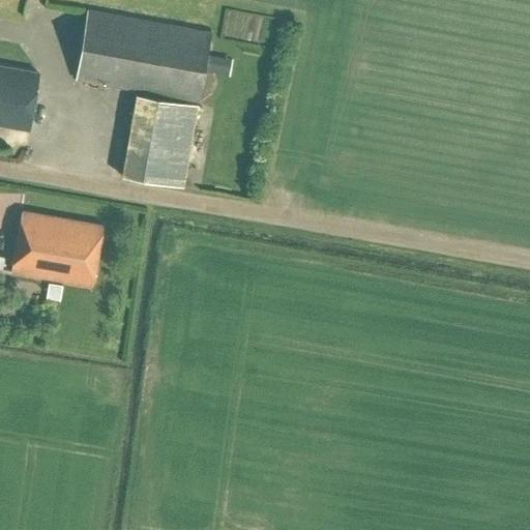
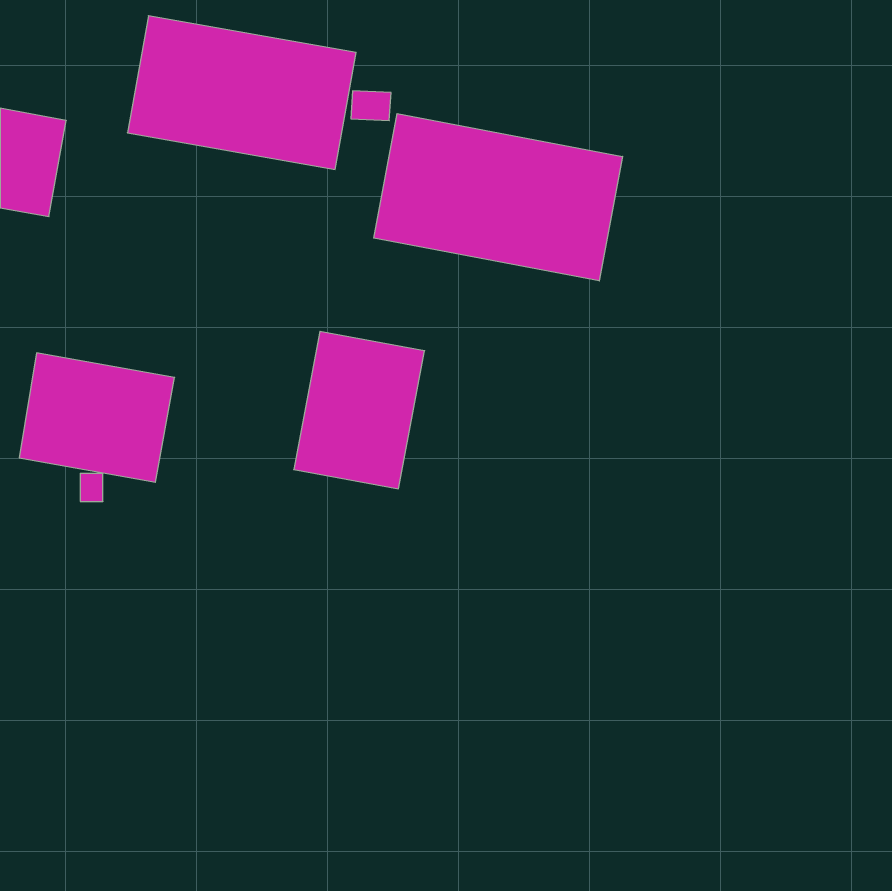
building: none -> [374,114,623,281]
building: [120,95,198,188] -> [294,331,425,489]

